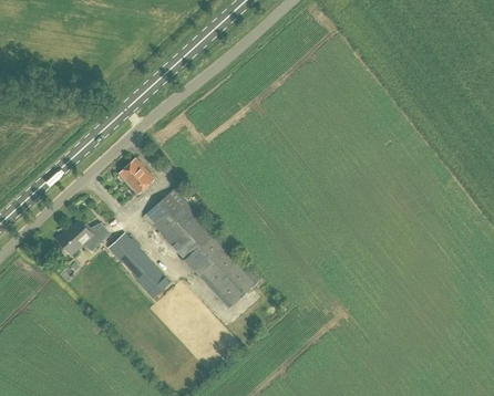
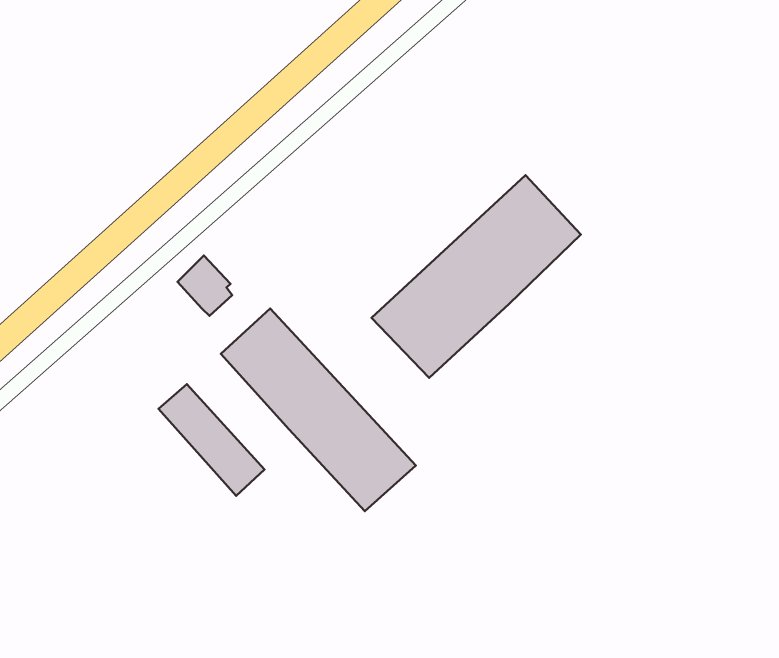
building: none -> [372,175,581,378]
building: [56,221,111,253] -> none

